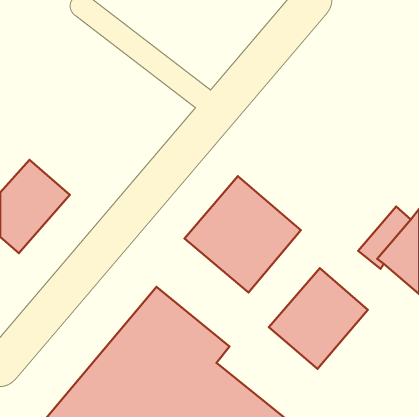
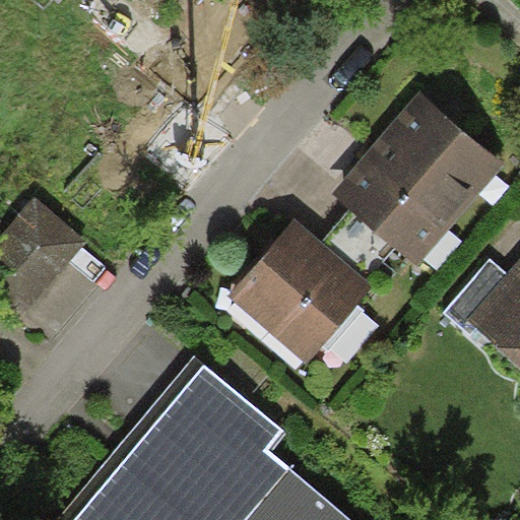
building: none -> [331,93,505,269]
building: [269,268,368,369] -> none

